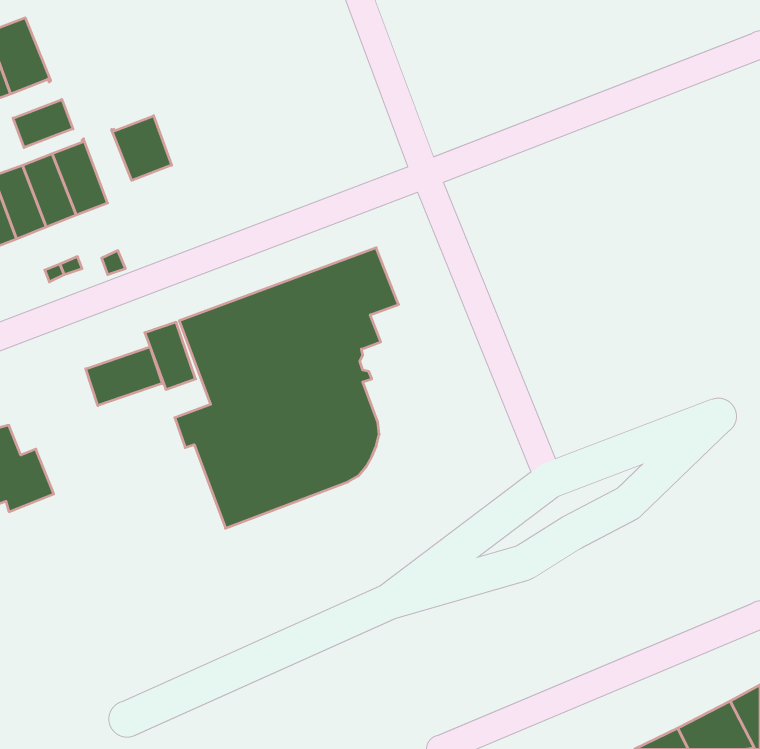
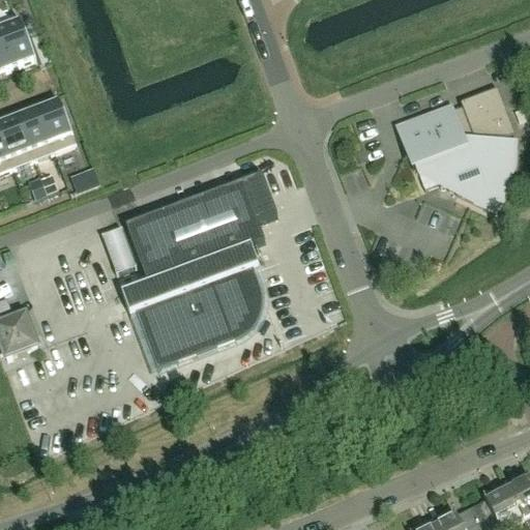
building: [13,99,73,148] -> none
building: [112,116,172,180] -> none
building: none -> [400,86,513,207]
building: [86,347,162,406] -> none

